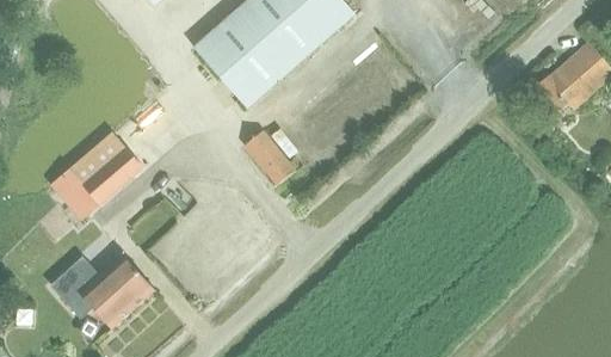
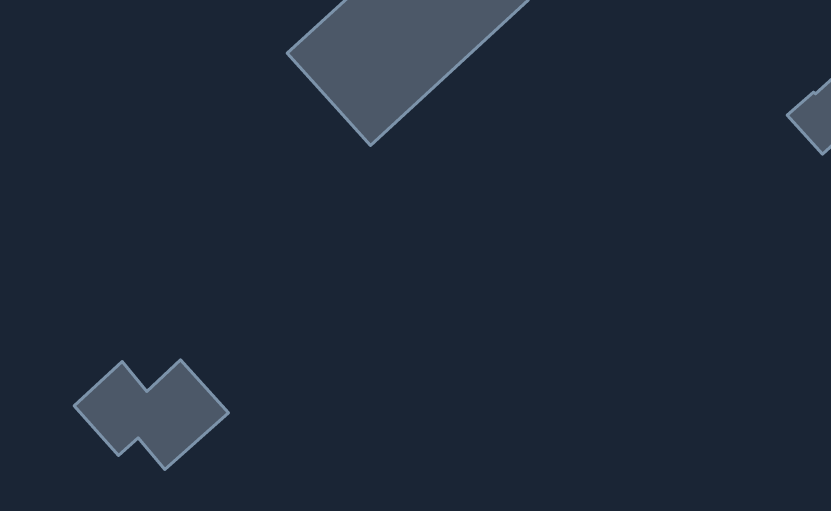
building: [246,129,295,184] -> none
building: [48,133,141,221] -> none

